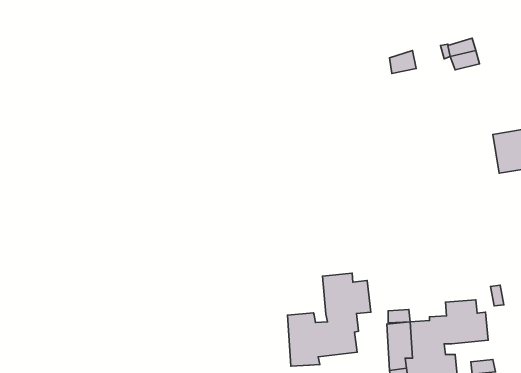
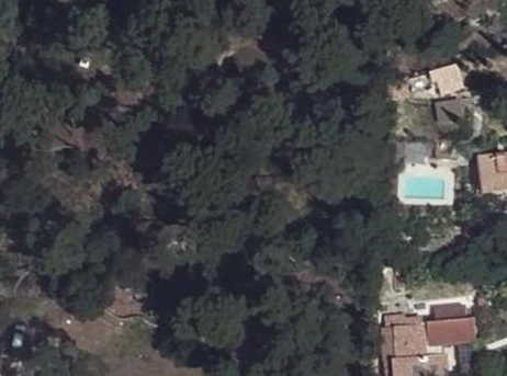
building: [287,273,371,366] -> none

